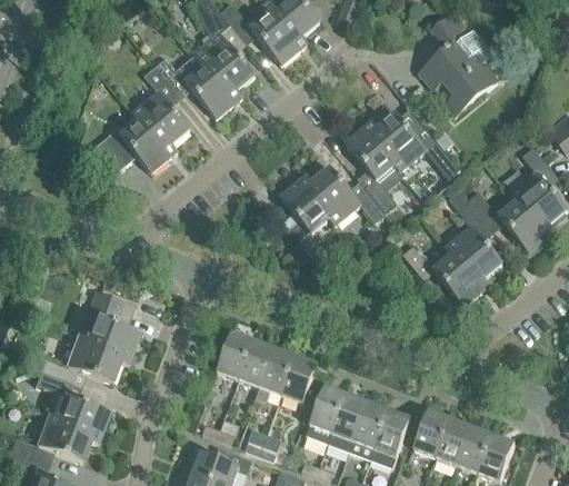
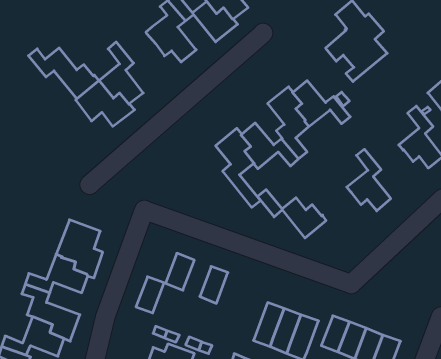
building: [154,54,243,119] -> [28,48,99,99]
building: [468,191,555,252] -> none
building: [402,245,489,306] -> [257,190,326,238]
building: [239,340,274,386] -> [136,277,164,313]
building: [281,356,318,403] -> none
building: [306,385,346,442] -> none

